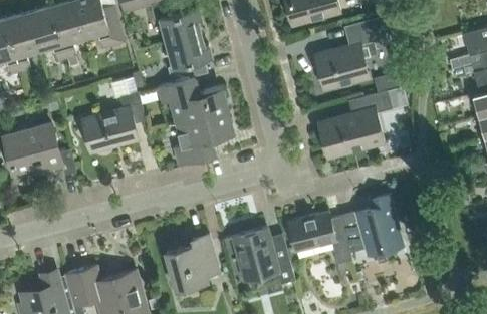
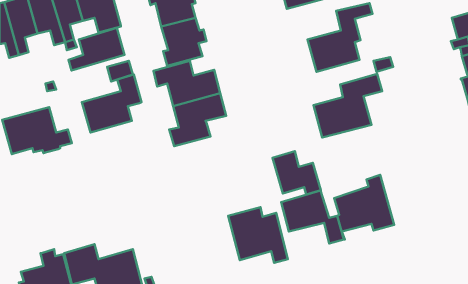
building: none -> [69,28,125,71]
building: none -> [273,151,321,195]
building: [166,235,219,289] -> none

